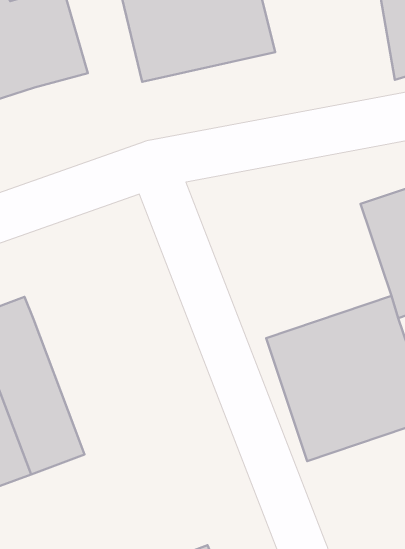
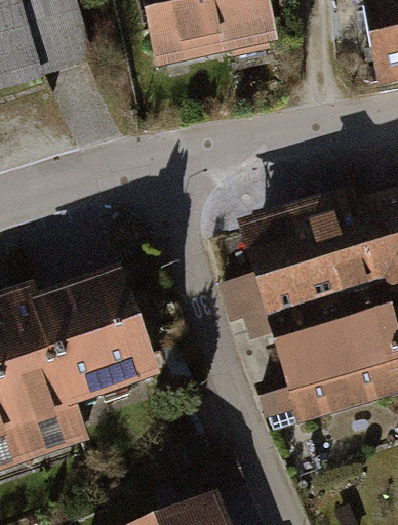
building: none -> [223,192,379,326]
building: none -> [47,273,154,399]

